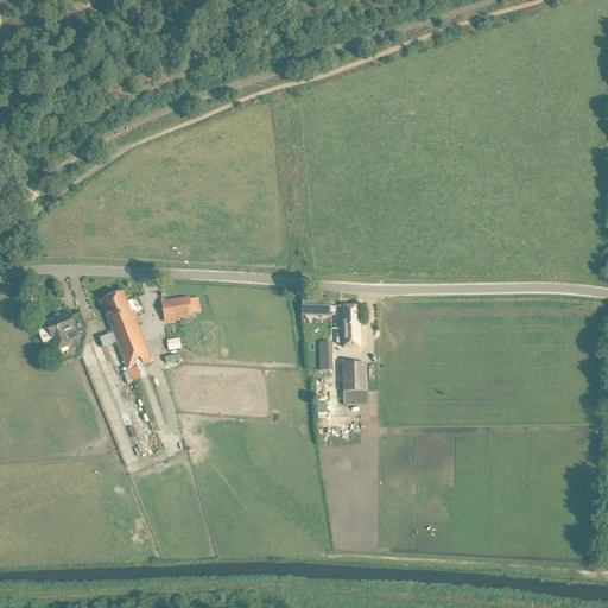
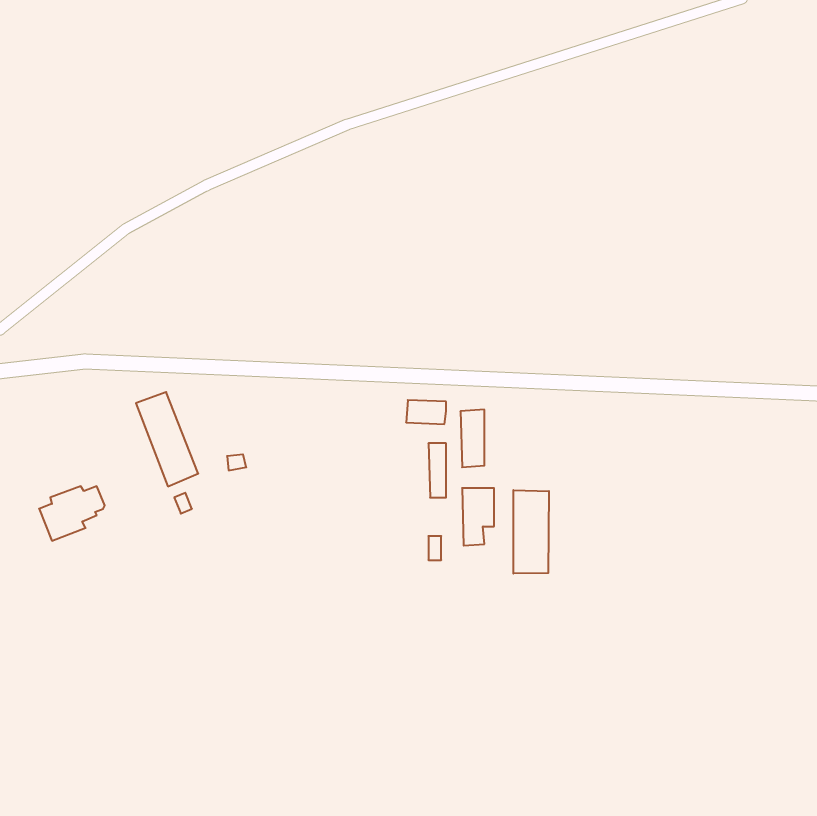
building: [162,297,192,318] -> none
building: [38,312,87,353] -> [39,486,105,541]
building: none -> [513,490,549,574]

